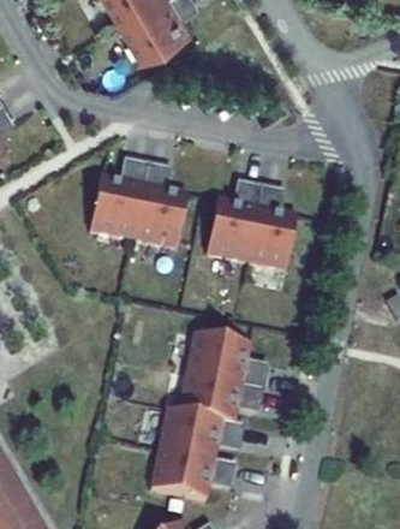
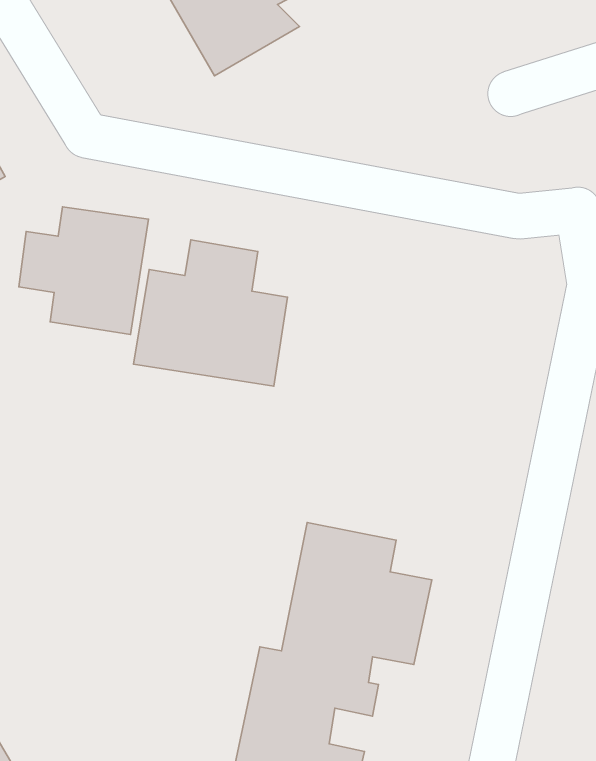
building: none -> [19,207,148,334]
building: [202,180,297,269] -> none

